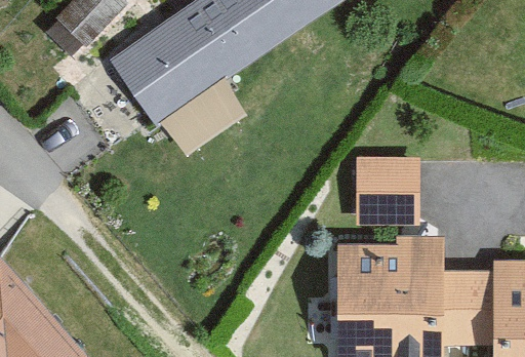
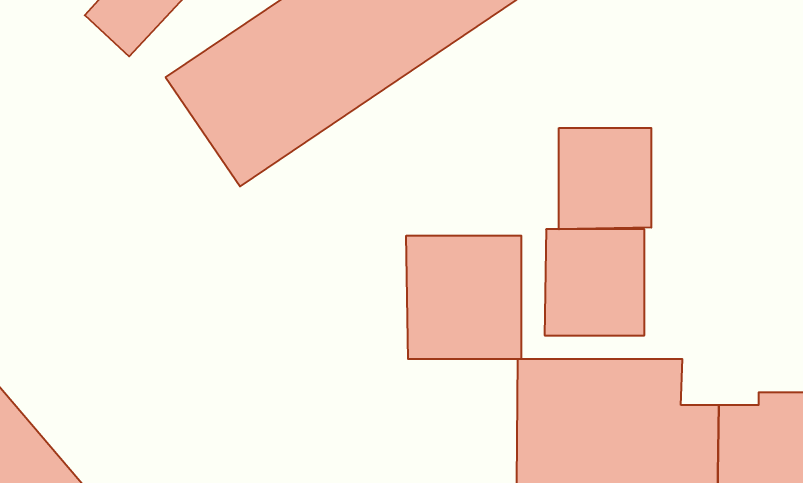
building: none -> [559,128,651,229]
building: none -> [406,236,521,359]

